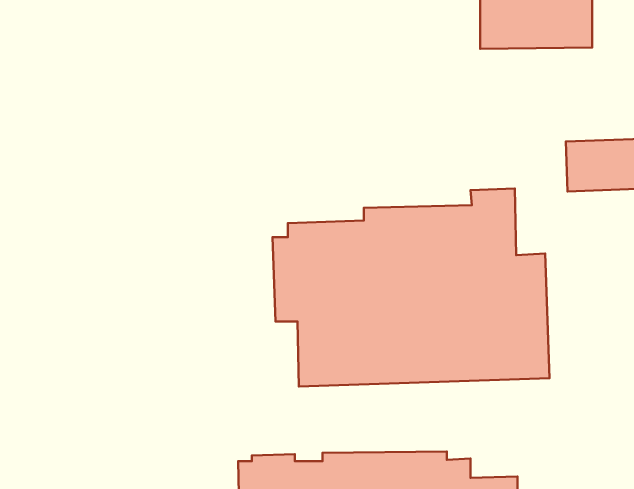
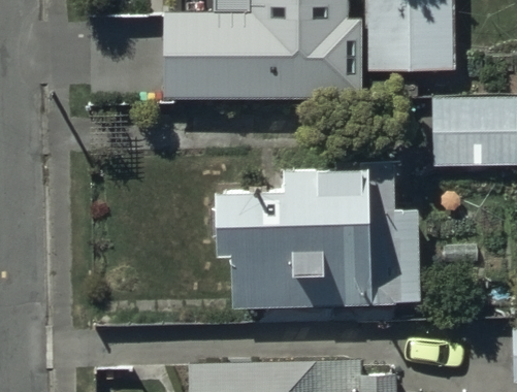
building: none -> [168,30,361,101]

